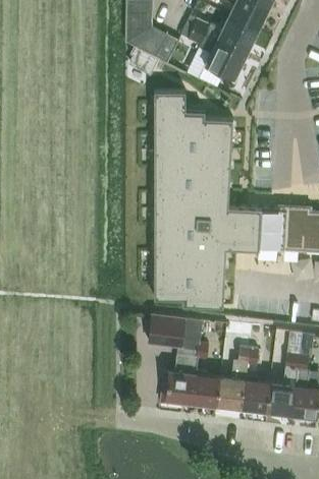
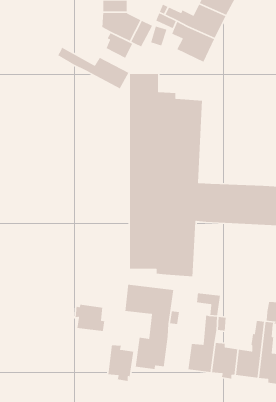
building: none -> [57,47,130,90]
building: none -> [75,304,105,332]
building: [192,371,220,411] -> [107,344,134,382]

